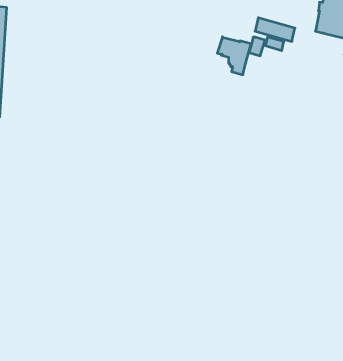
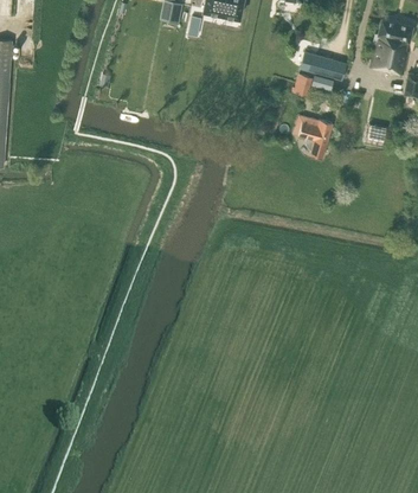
building: [217,37,251,75] -> [294,114,333,158]

